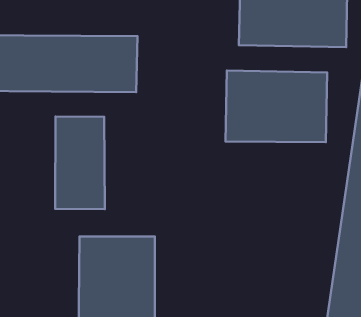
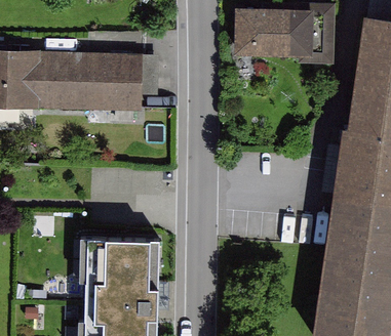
building: [225,70,327,142] -> none
building: [55,117,105,209] -> none

